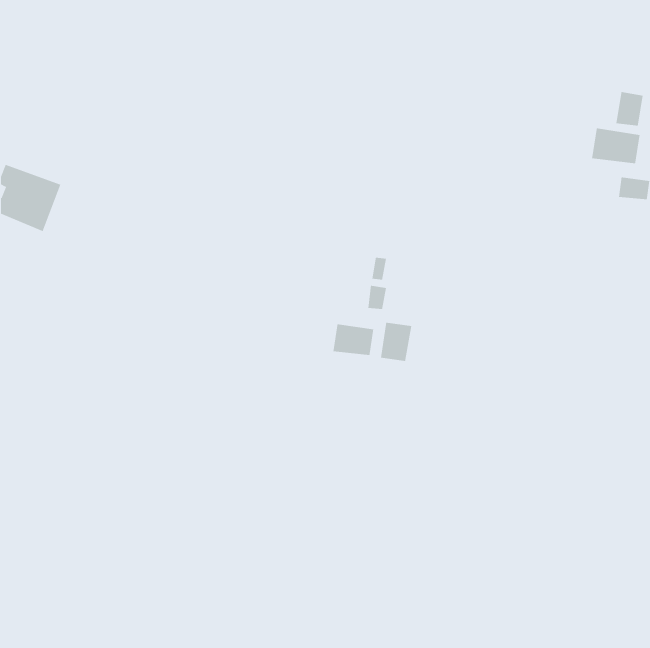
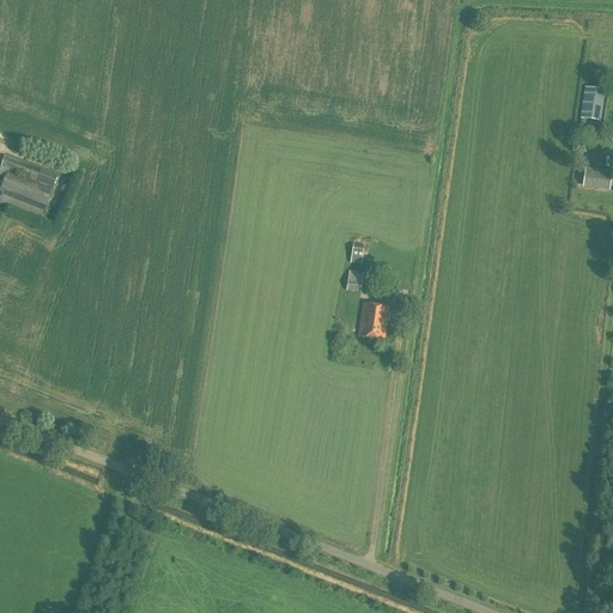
building: [592,128,640,164] -> none
building: [333,324,374,356] -> none

